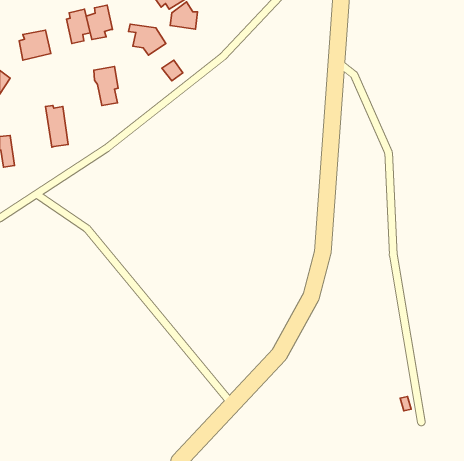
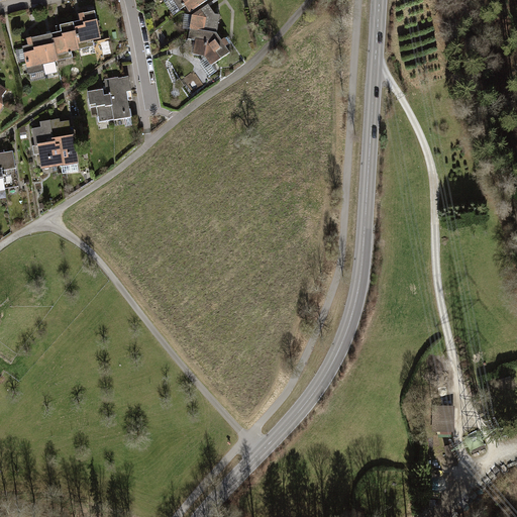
building: [86,5,113,40] -> [50,21,80,60]
building: [128,24,166,55] -> [187,28,228,63]
building: none -> [86,88,113,120]
building: none -> [31,118,58,167]

